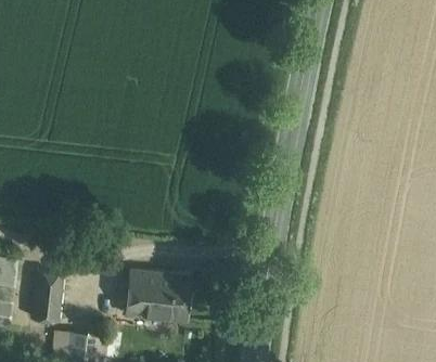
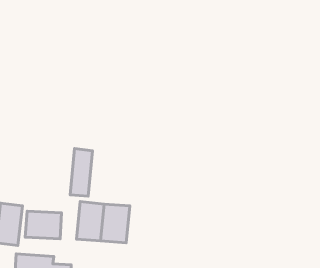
building: none -> [70,149,93,196]
building: none -> [25,211,61,239]

